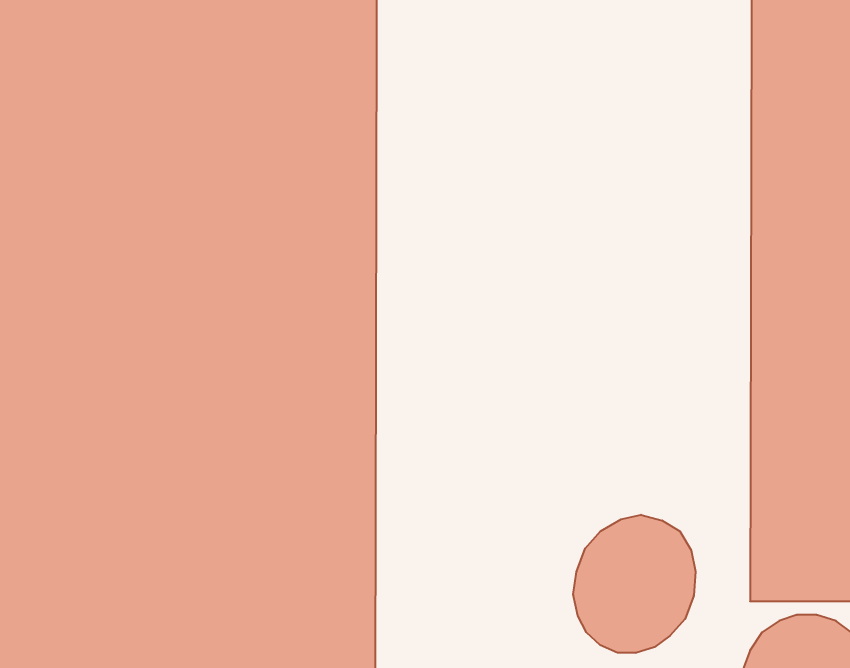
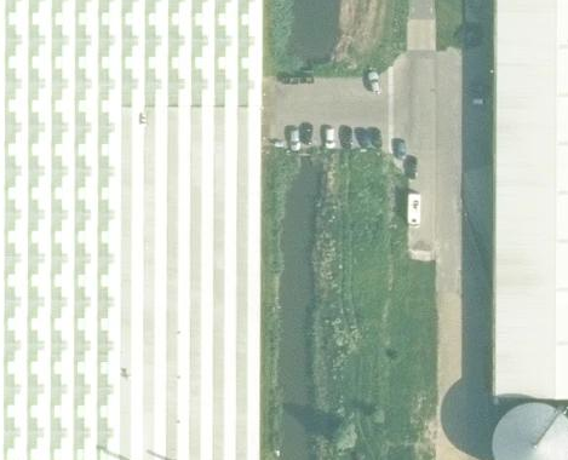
building: [573,515,696,653] -> none

